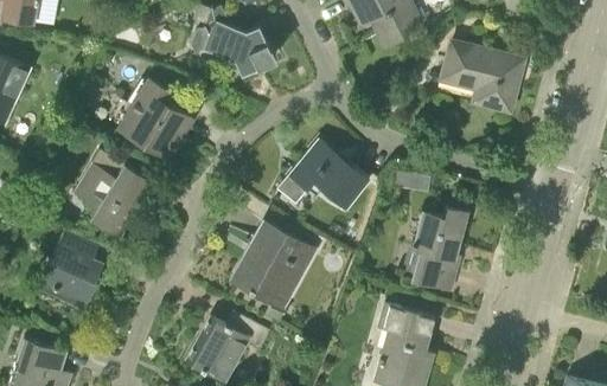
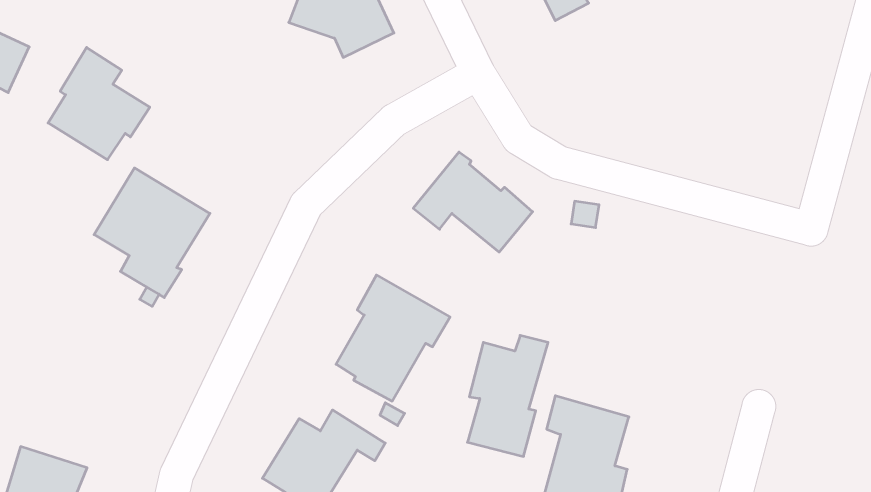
building: [442,41,522,110] -> none
building: [123,79,192,155] -> [48,47,150,160]
building: [413,207,467,289] -> [467,335,548,456]
building: [39,229,103,310] -> none

